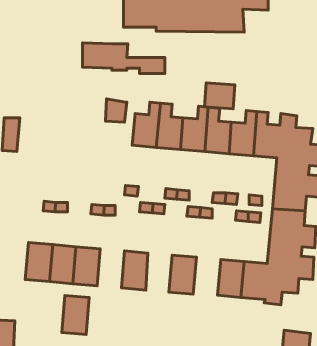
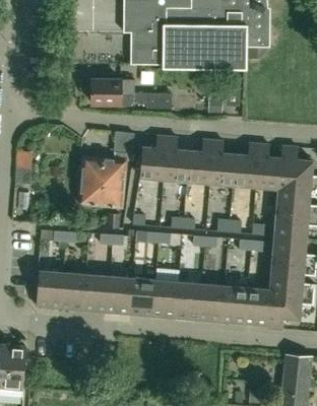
building: [204,83,235,109] -> none
building: none -> [79,156,125,206]
building: none -> [151,280,177,318]
building: none -> [197,284,224,321]
building: [62,295,89,335] -> [105,276,131,314]

